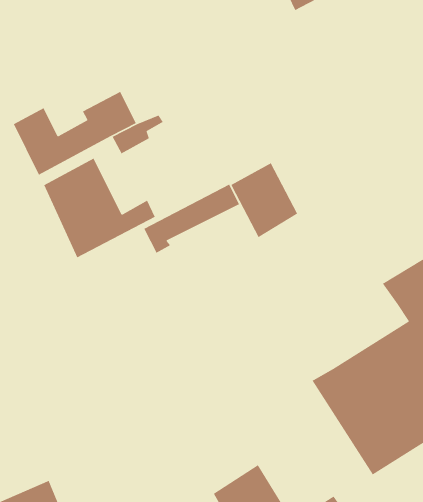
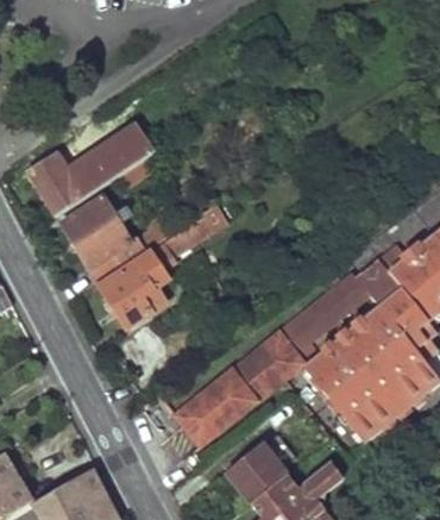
building: [230,162,298,238] -> none
building: none -> [96,250,169,328]
building: none -> [175,272,370,446]

